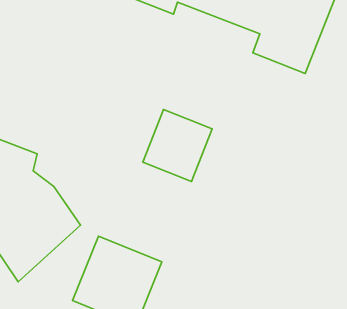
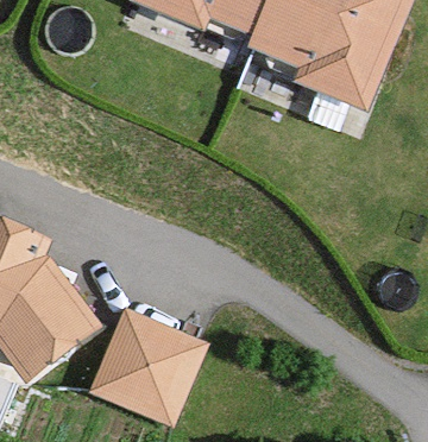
building: [143,110,212,182] -> none

